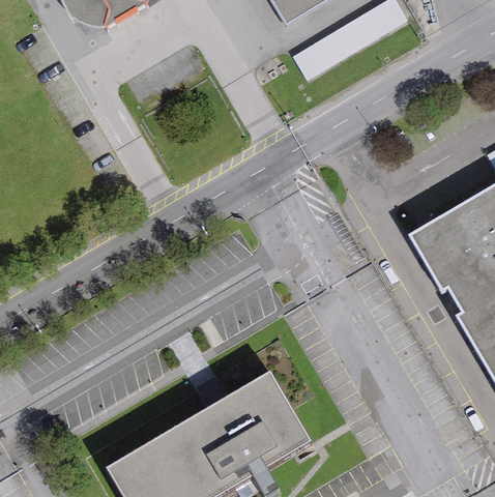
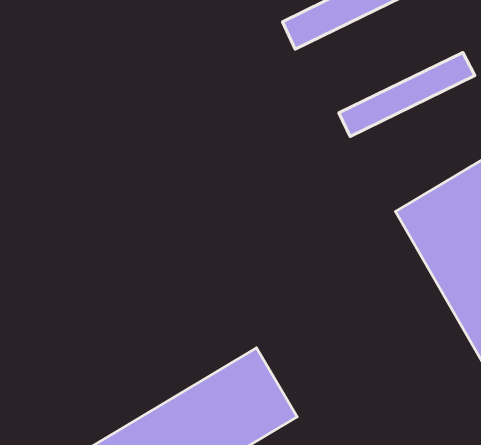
building: none -> [339,52,475,137]

